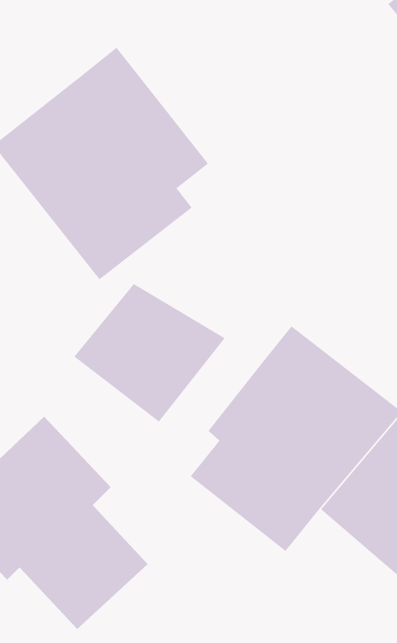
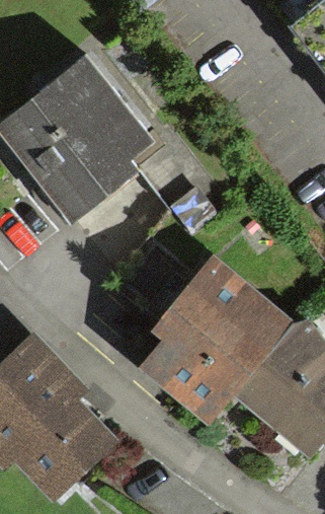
building: [73,283,226,423] -> none

